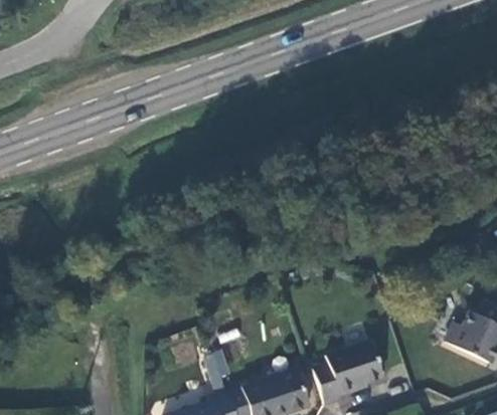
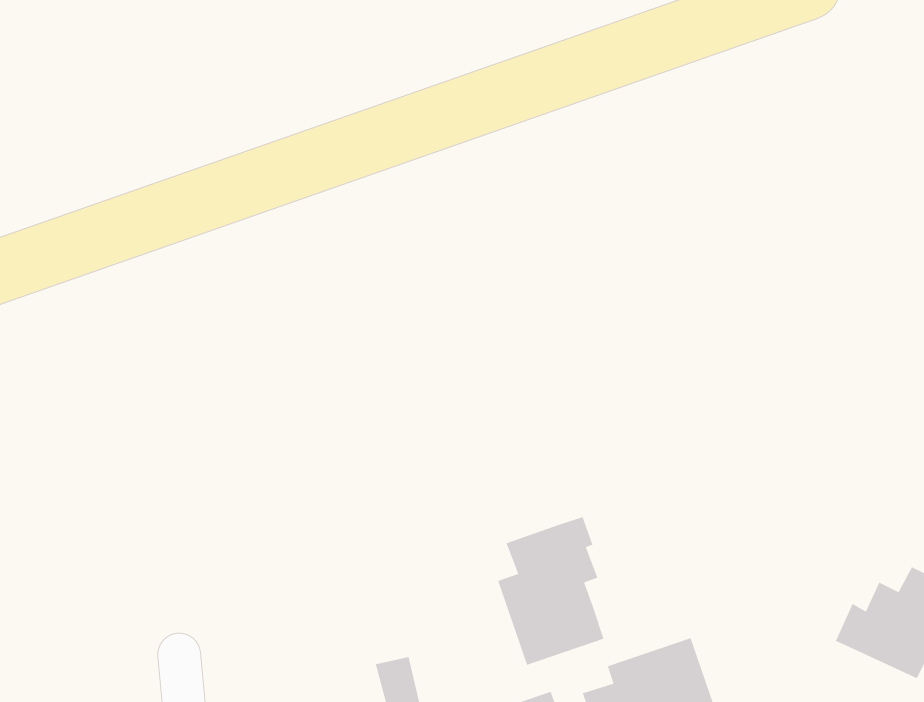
building: none -> [497,516,604,666]

